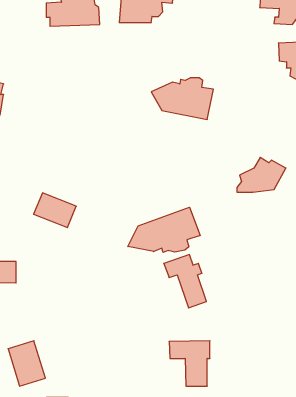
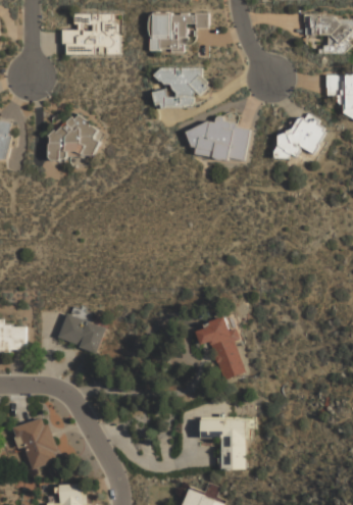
building: none -> [147,67,205,108]
building: none -> [48,114,98,160]
building: [237,157,286,192] -> [271,118,327,158]
building: [34,193,76,228] -> [57,313,106,353]
building: [128,207,200,252] -> none

